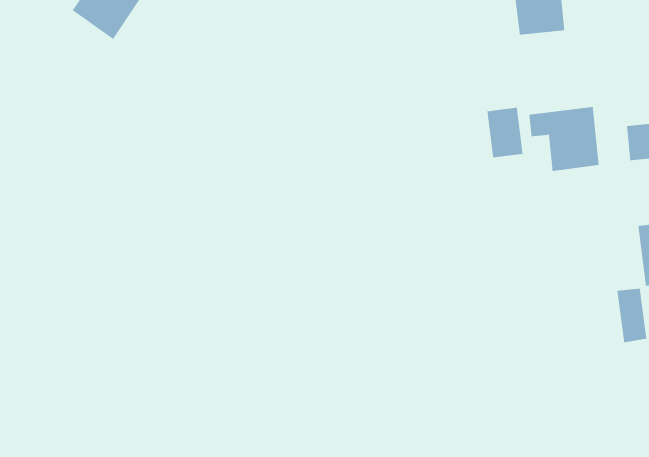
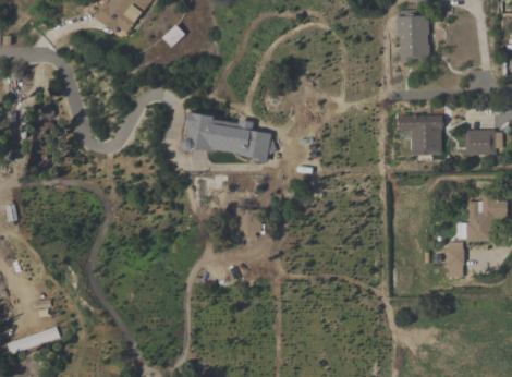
building: [487,107,523,158] -> none
building: none -> [185,113,269,150]

